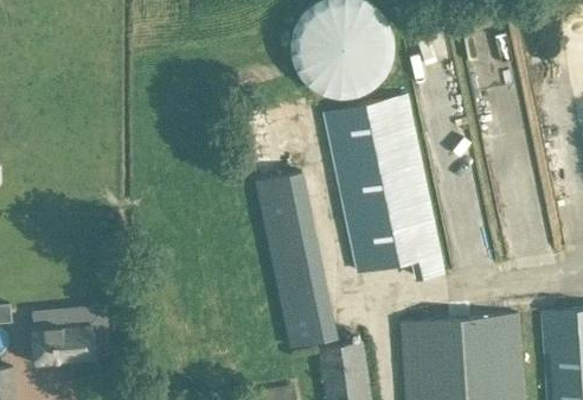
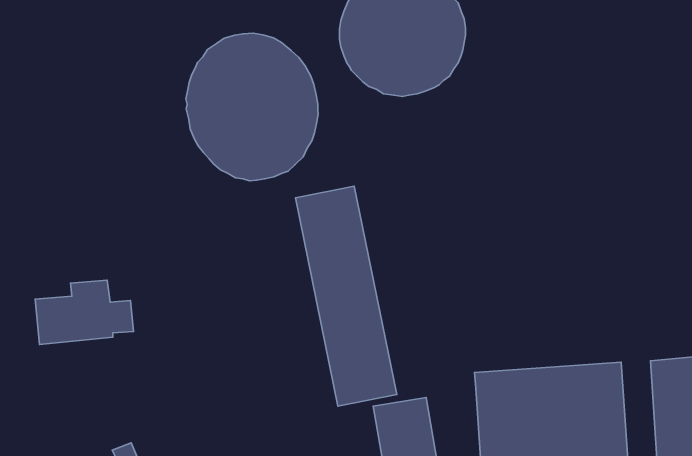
building: none -> [186,33,318,181]
building: [323,89,446,282] -> none
building: [32,313,111,366] -> [35,280,134,345]

